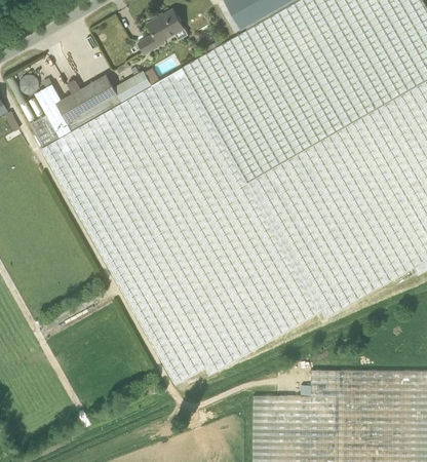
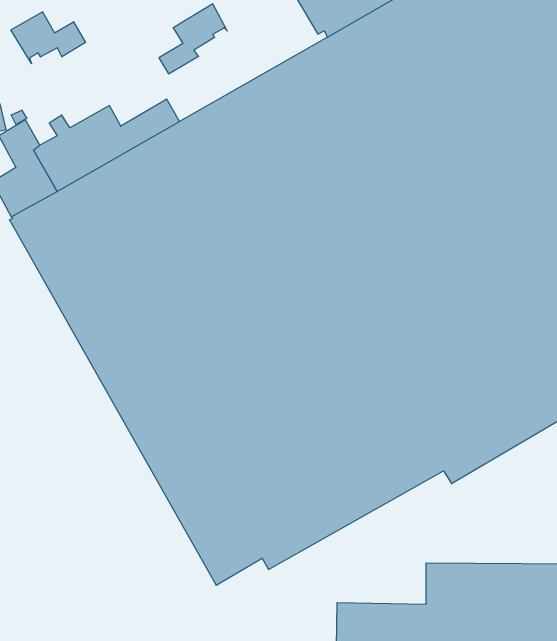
building: none -> [11,12,85,64]

